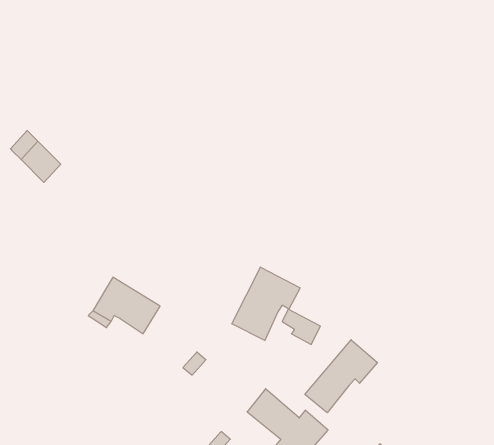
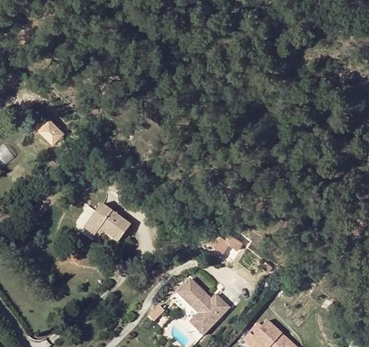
building: [232,267,300,341] -> none
building: [305,340,377,413] -> none

